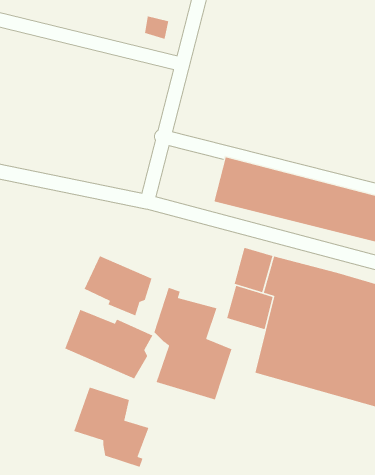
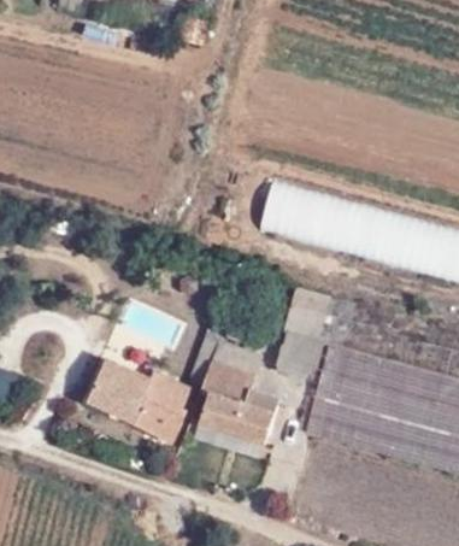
building: [84,255,152,316] -> none
building: [73,386,149,468] -> none

